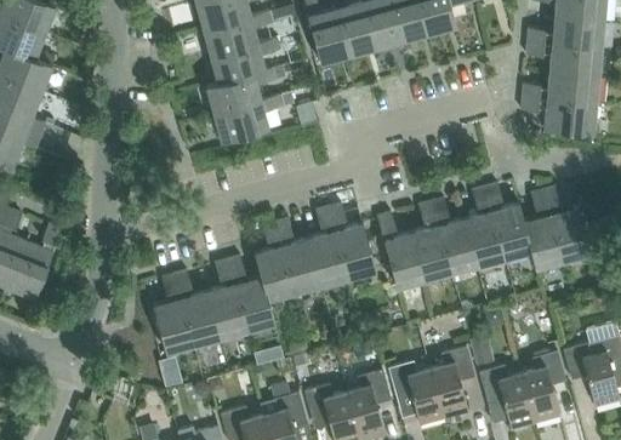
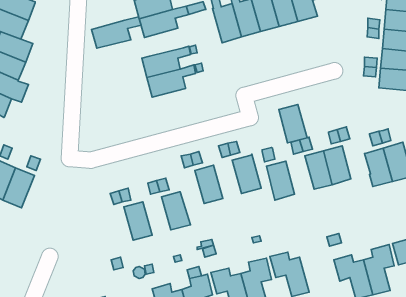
building: [210,39,280,84] -> [92,17,141,48]
building: [491,204,531,258] -> none
building: [411,225,451,280] -> [279,105,307,143]
building: [308,232,348,286] -> none
building: [253,246,295,301] -> none
building: [207,284,247,338] -> none
building: [153,298,194,354] -> none
building: [431,348,474,419] -> none

